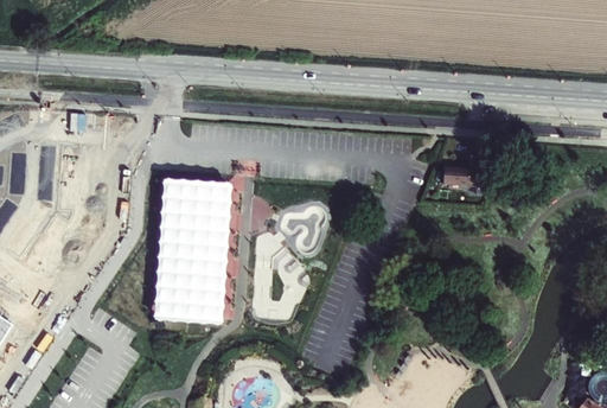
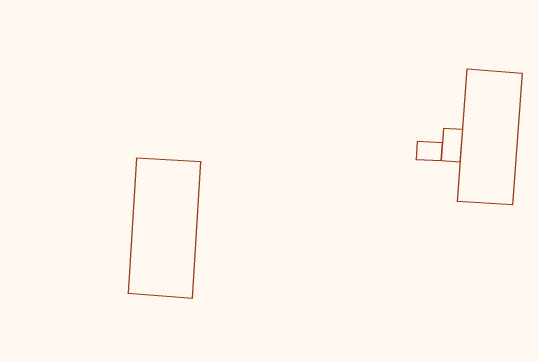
building: none -> [457,69,522,205]

